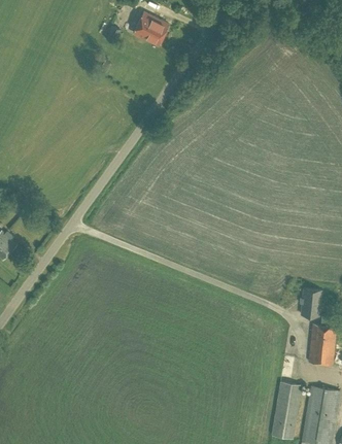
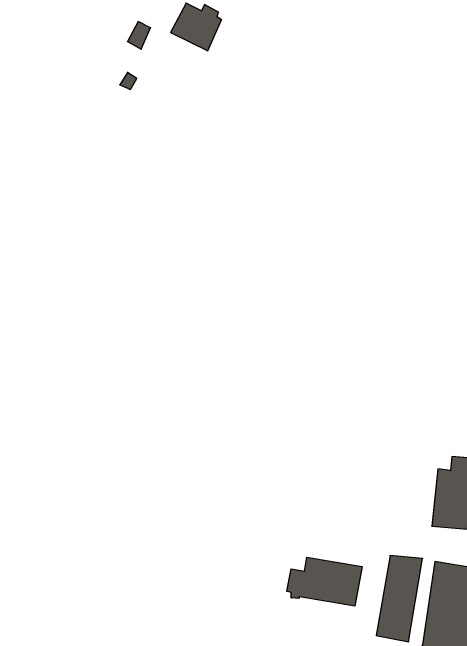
building: [301,289,321,317] -> none
building: none -> [287,557,362,606]

